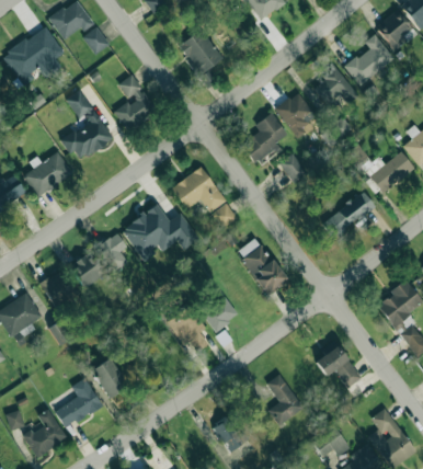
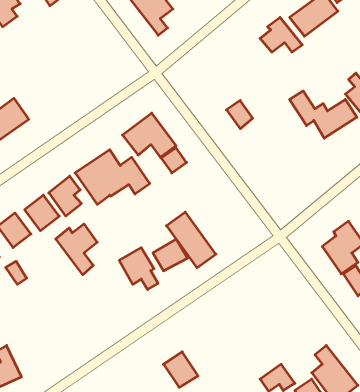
building: [115,75,157,129] -> none
building: [61,90,113,160] -> none
building: [276,92,315,139] -> none
building: [242,113,288,167] -> none
building: [322,192,376,240] -> none
building: [237,238,288,296] -> [166,212,216,268]
building: none -> [56,224,97,275]
building: [316,341,361,389] -> none
building: [91,358,127,398] -> none
building: [266,375,304,426] -> none
building: [55,379,103,428] -> none

